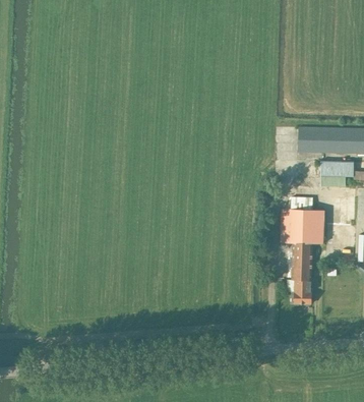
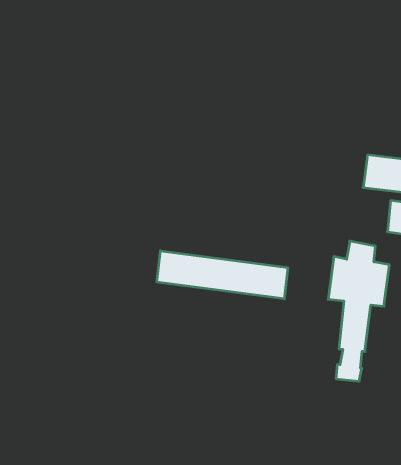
building: none -> [157,251,288,299]

